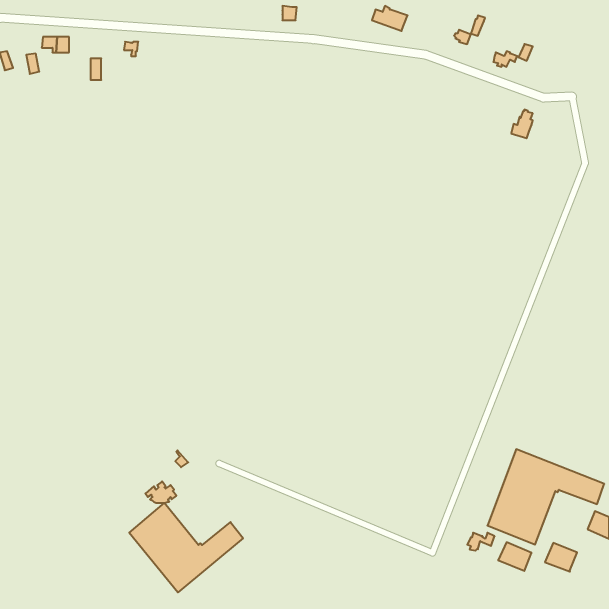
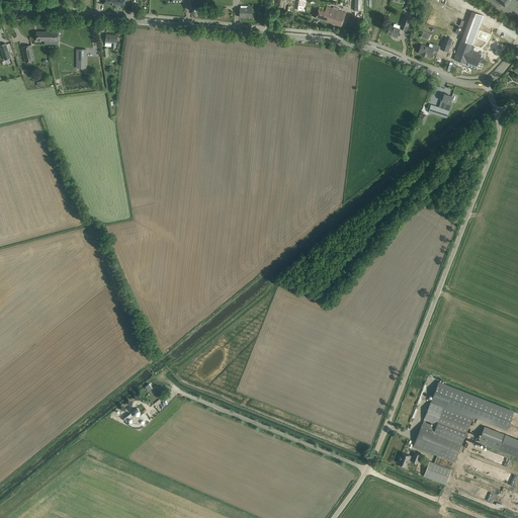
building: none -> [453,12,484,66]
building: [129,503,243,592] -> none
building: [545,543,577,572] -> [478,426,505,450]

